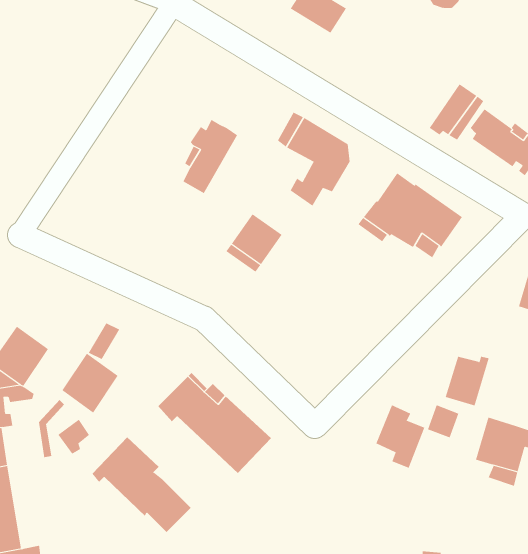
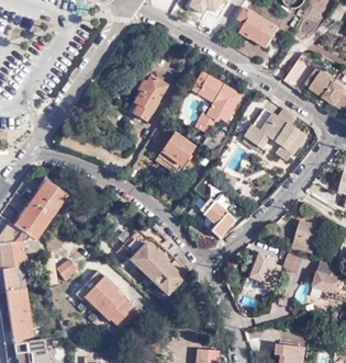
building: none -> [238,7,278,46]
building: none -> [199,197,233,237]
building: [61,353,119,413] -> [30,179,65,216]

